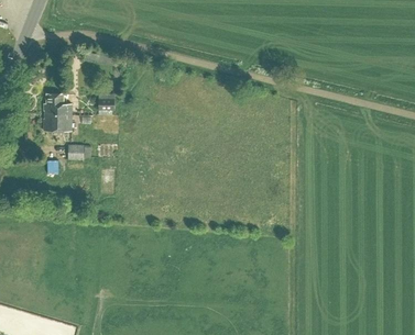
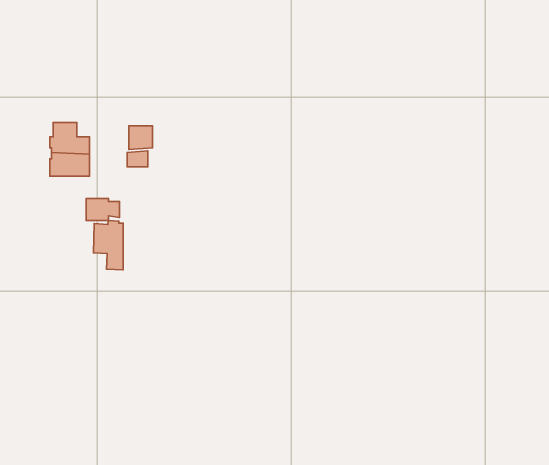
building: none -> [93,220,123,270]

